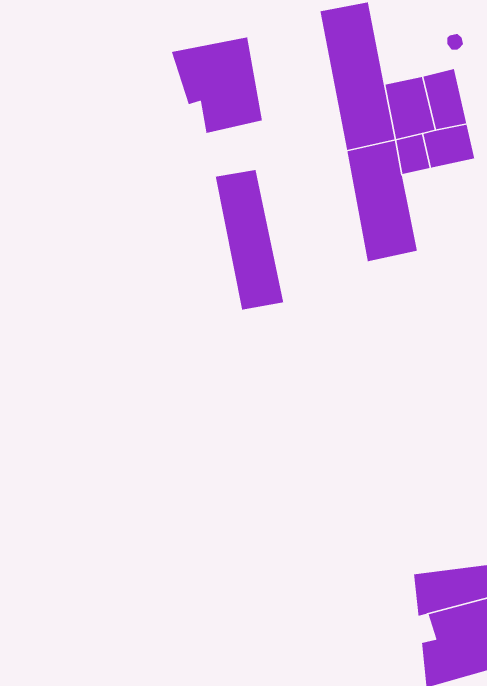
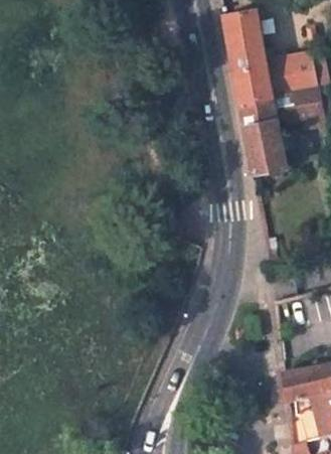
building: [171,37,263,134] -> none
building: [215,169,284,310] -> none

